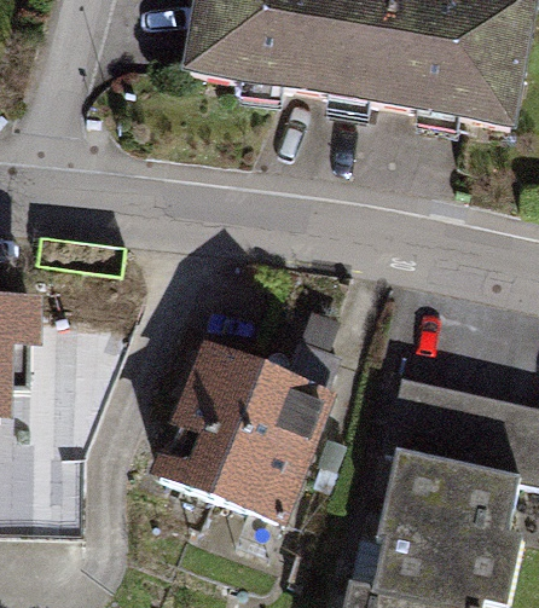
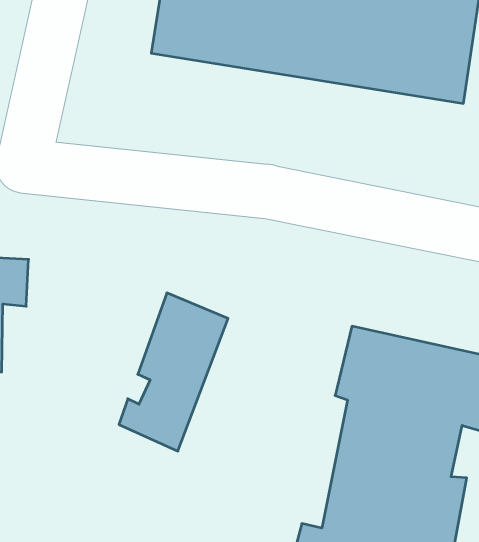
building: [210,338,344,532] -> none

